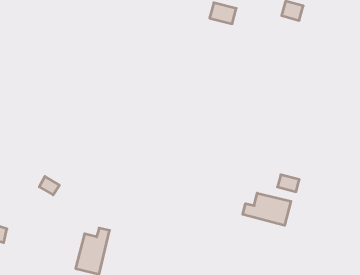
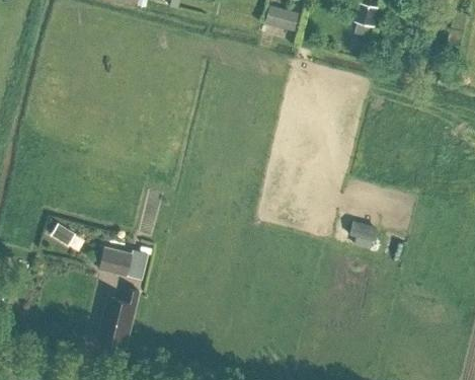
building: [243,193,291,225] -> none
building: none -> [98,246,149,280]

